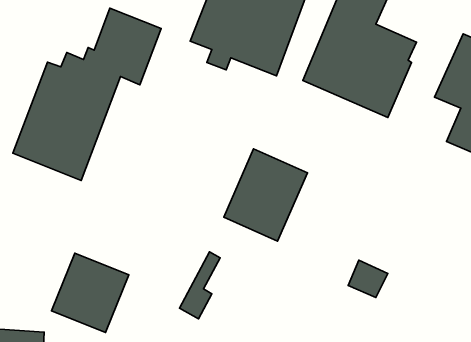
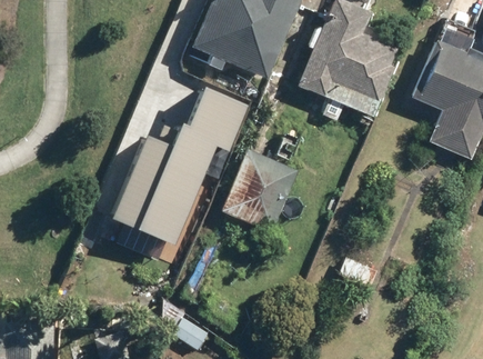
building: [13,8,161,181] -> [113,83,251,243]
building: [52,253,129,332] -> none

